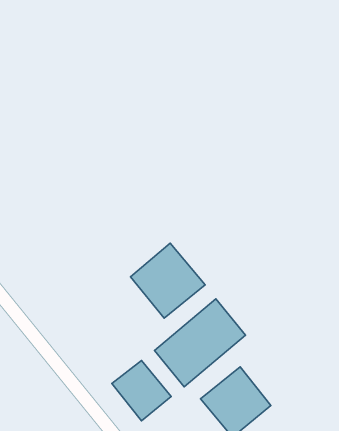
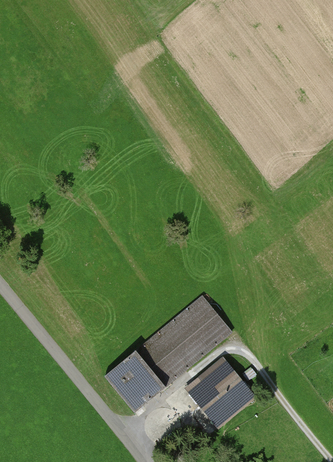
building: [130,243,205,318] -> none

